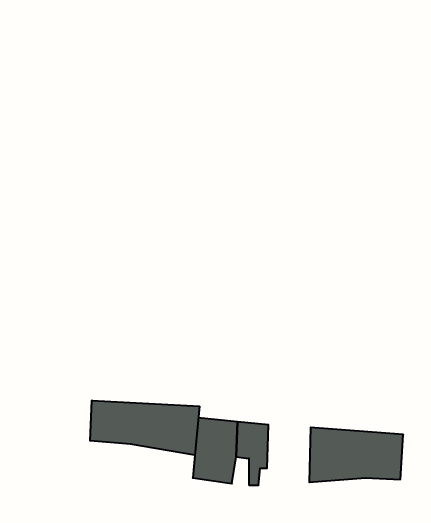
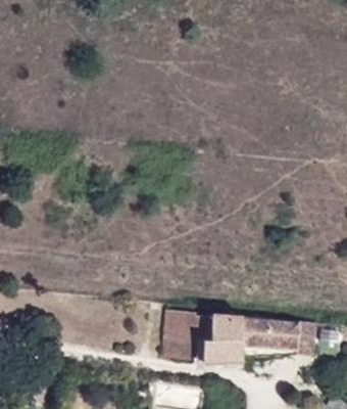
building: [90,400,199,455] -> none
building: none -> [211,314,249,358]

